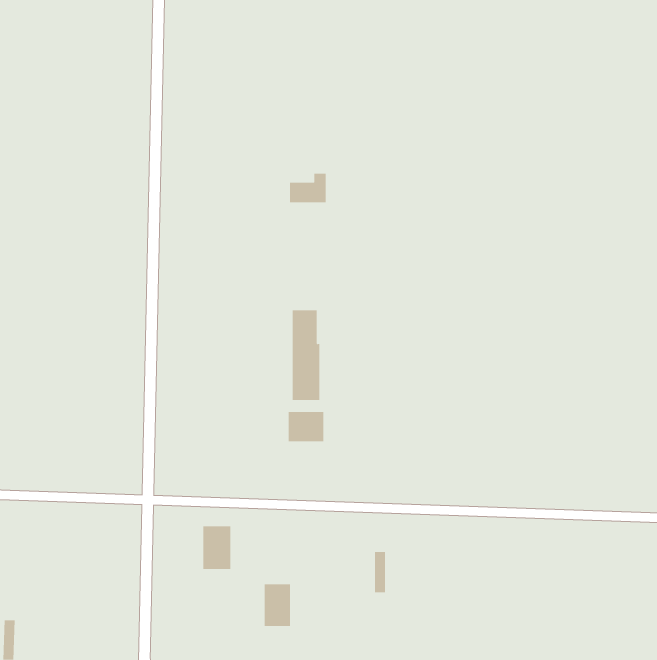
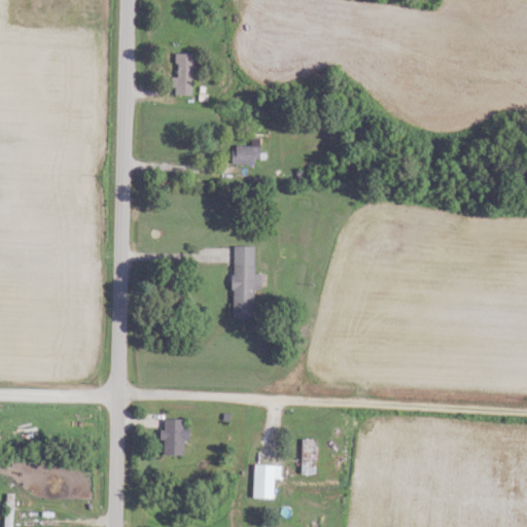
building: none -> [175,52,192,96]
building: [288,411,324,442] -> none
building: [264,584,291,626] -> [254,464,276,498]

